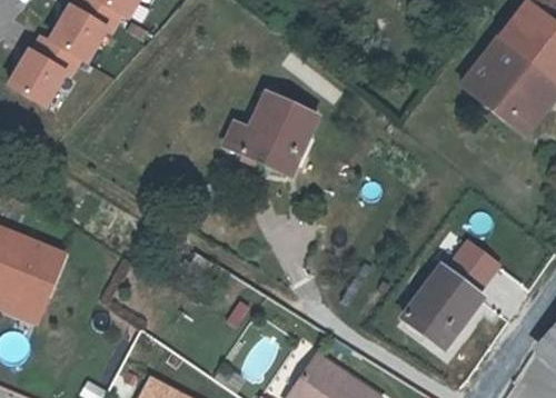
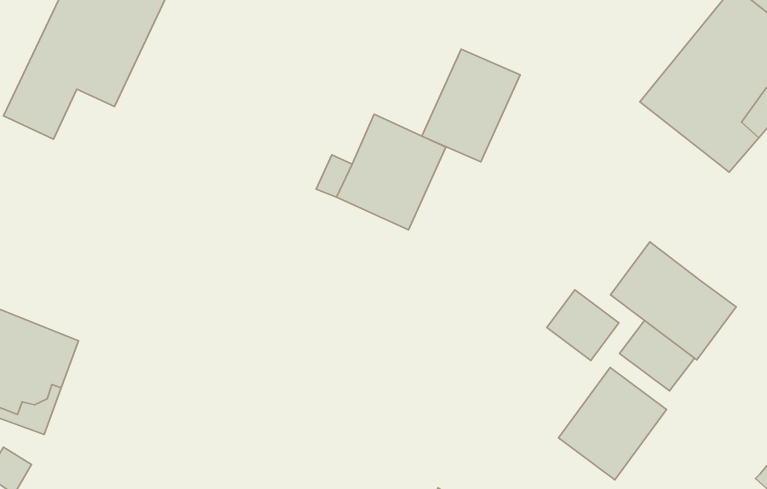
building: none -> [422,49,520,162]
building: none -> [610,242,736,360]
building: none -> [547,290,619,361]

